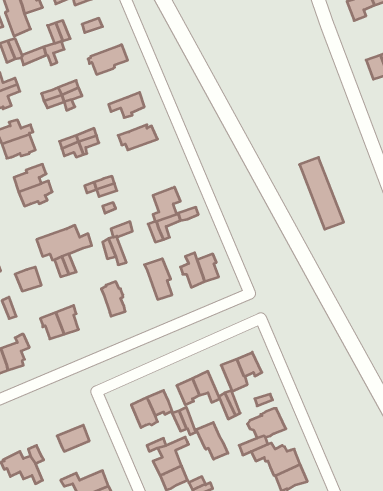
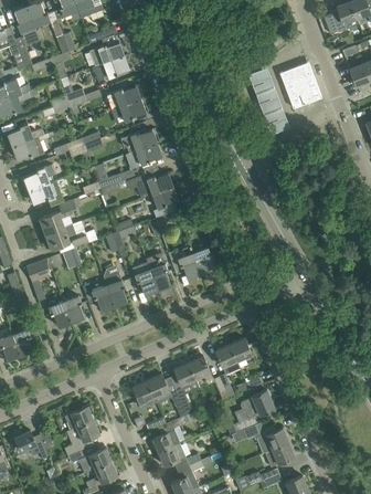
building: none -> [89,42,124,65]
building: none -> [279,62,321,108]
building: none -> [106,86,140,109]
building: none -> [126,141,161,169]
building: [299,157,344,229] -> [247,70,288,136]
building: none -> [126,174,172,197]
building: none -> [40,199,76,234]
building: none -> [131,262,157,294]
building: none -> [83,280,114,311]
building: [196,422,228,459] -> none
building: none -> [64,420,99,456]

